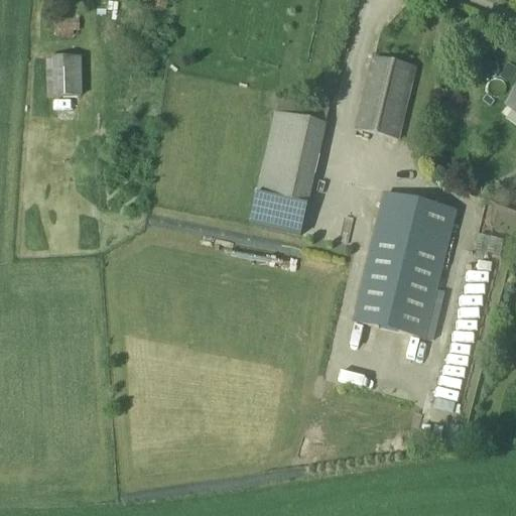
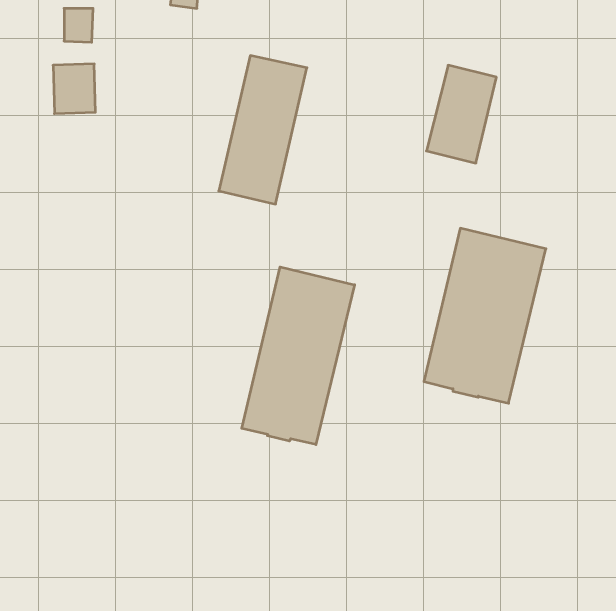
building: [252,109,326,233] -> [219,56,307,204]
building: none -> [242,267,355,445]

